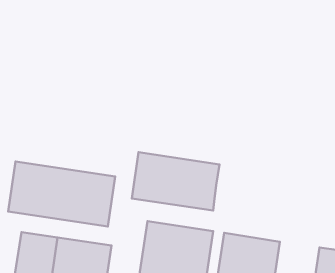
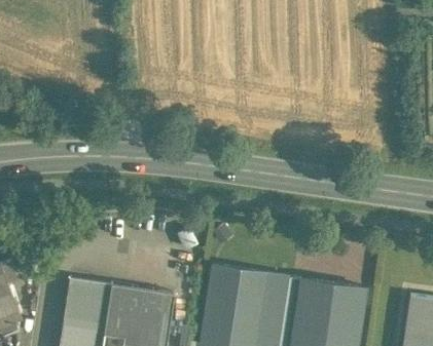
building: [132,152,220,211] -> none
building: [8,162,115,226] -> none

